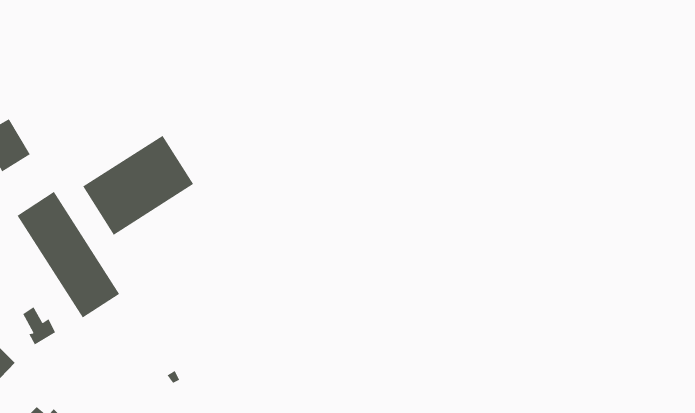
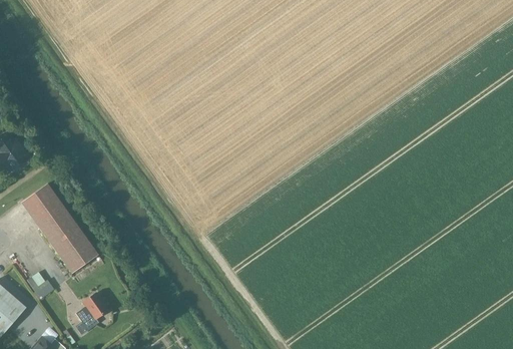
building: [82,135,194,236] -> none
building: none -> [75,292,107,323]

